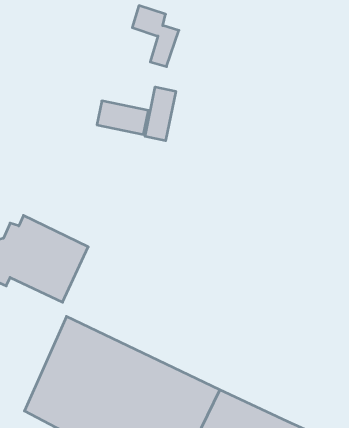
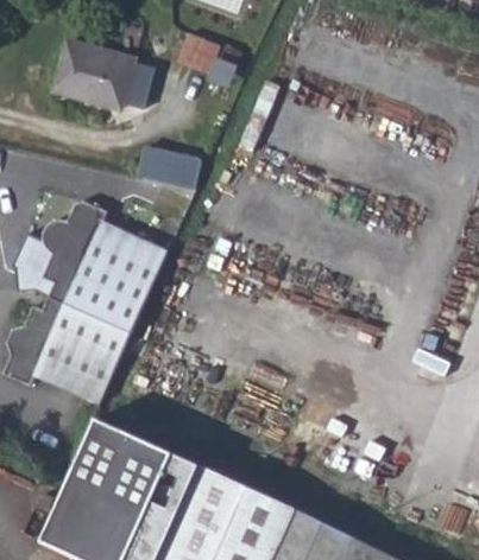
building: none -> [52,44,152,112]
building: [145,87,176,141] -> none
building: none -> [40,198,166,331]

